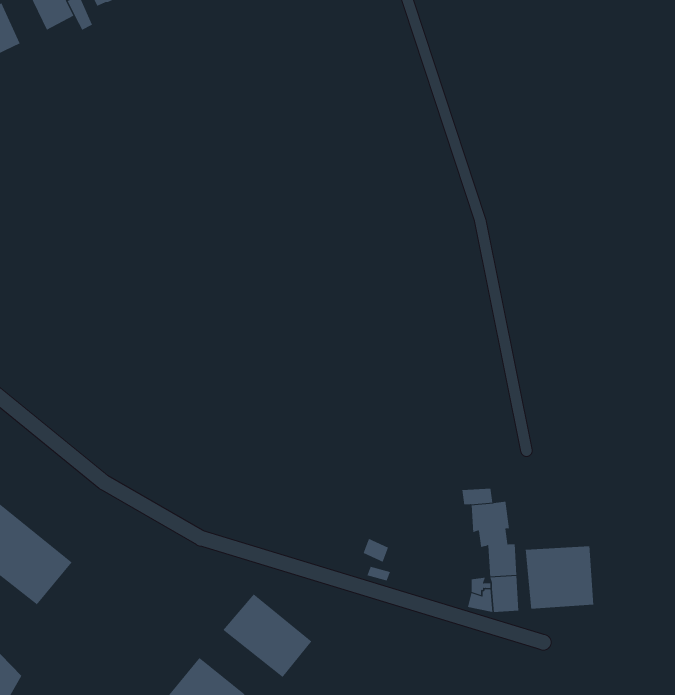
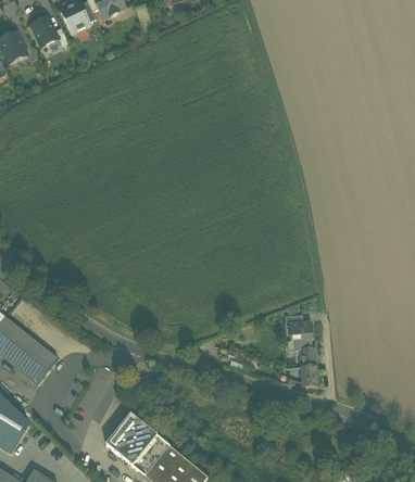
building: [525,545,594,610] -> none
building: [223,593,312,678] -> none

